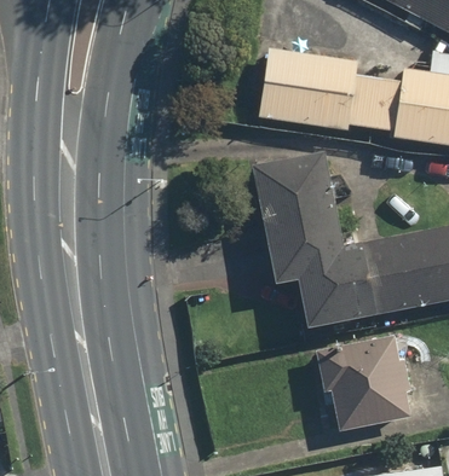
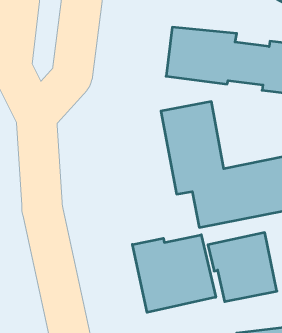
building: none -> [132,235,216,312]

